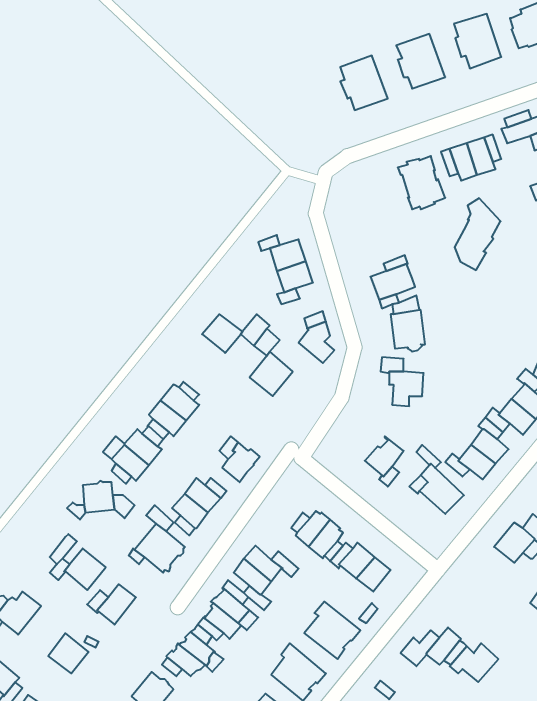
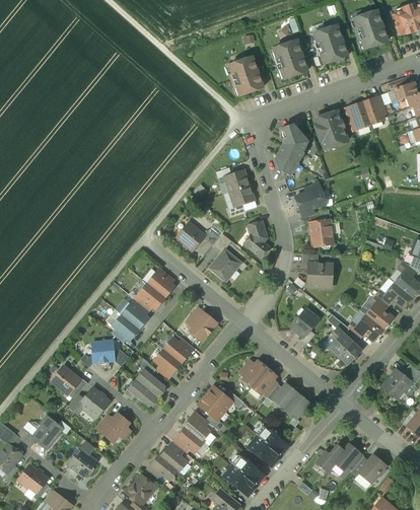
building: none -> [229,56,263,94]
building: [455,198,501,270] -> [276,124,308,174]
building: none -> [52,366,80,393]

